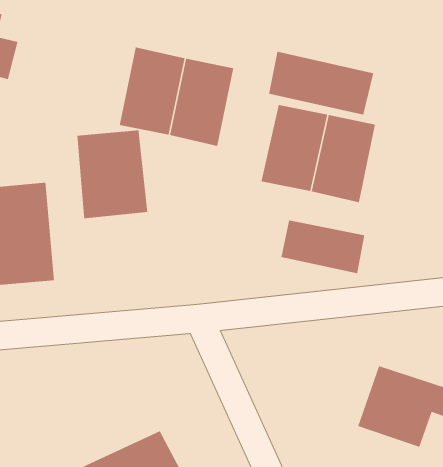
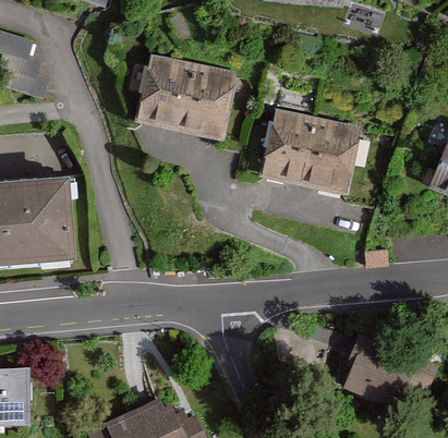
building: [268,51,374,115] -> none
building: [77,130,148,219] -> none
building: [281,220,365,274] -> none

